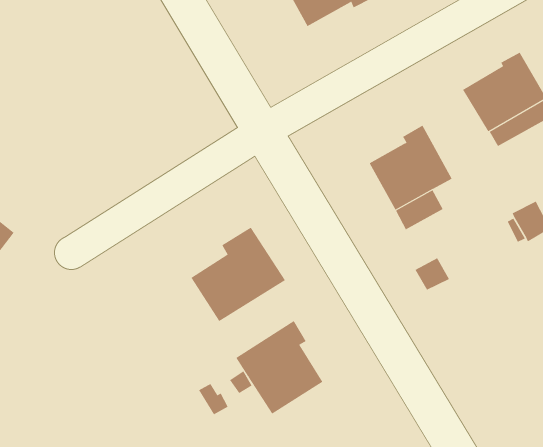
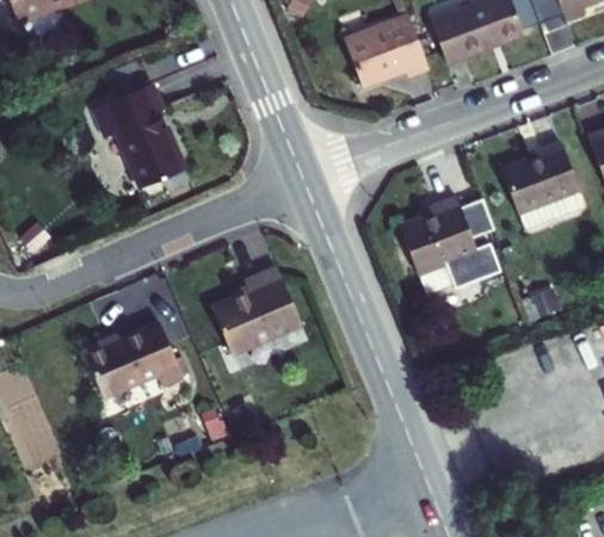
building: none -> [93,85,187,187]
building: none -> [84,321,185,396]
building: [235,320,323,415] -> none

